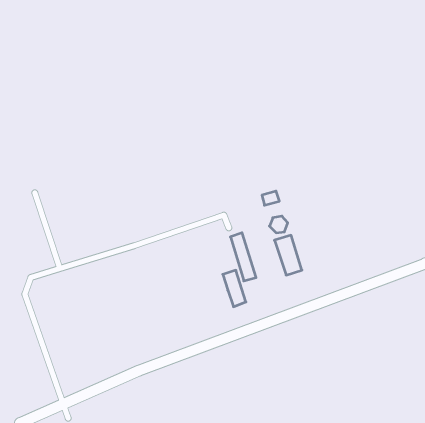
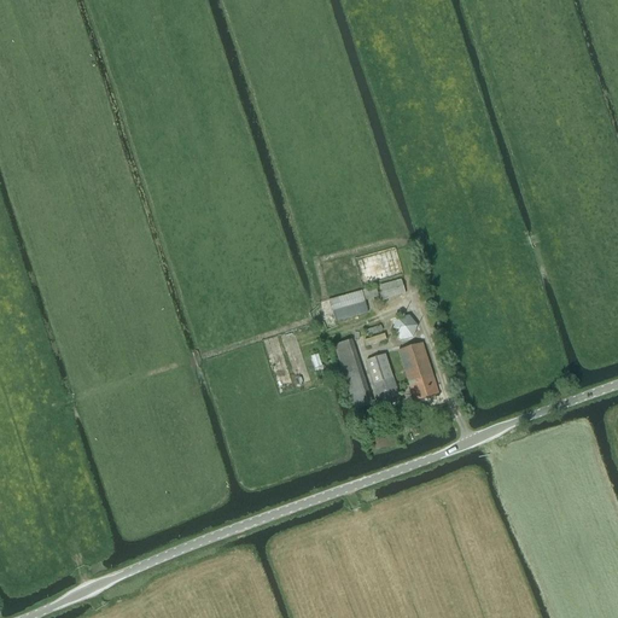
building: none -> [328,285,379,320]
building: [223,270,246,307] -> [366,352,400,406]

